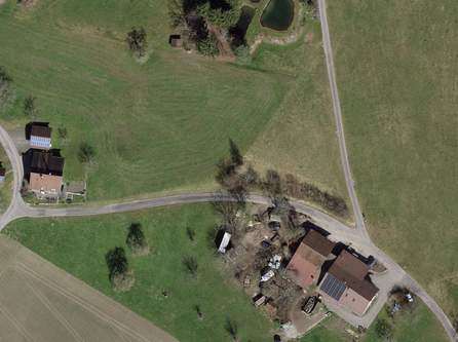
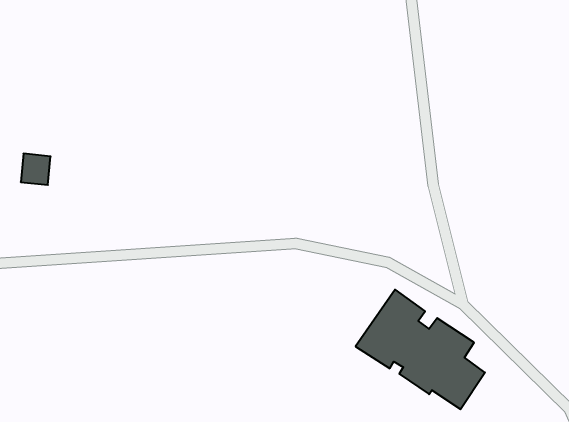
building: [28,152,64,193] -> none

